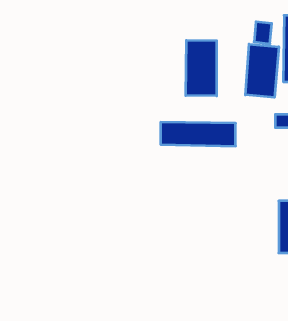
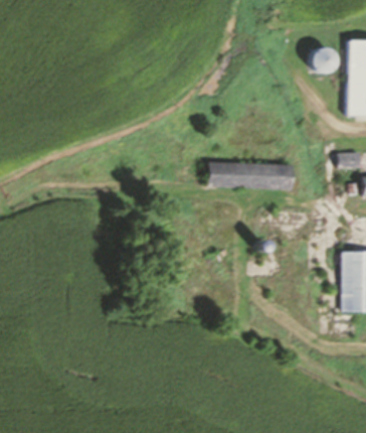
building: [186,40,217,96] -> none
building: [245,44,279,97] -> none

